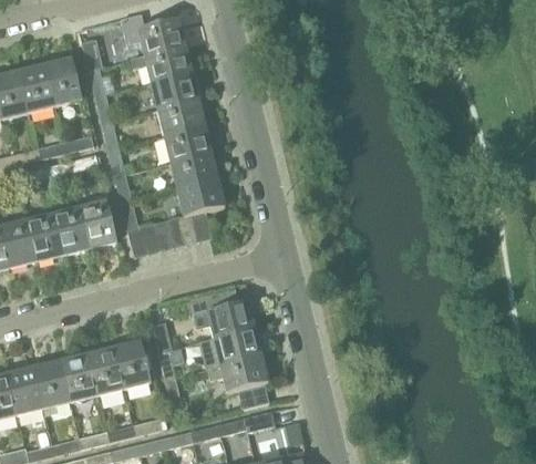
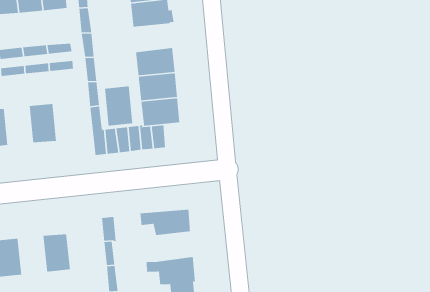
building: [156,99,204,135] -> none
building: [80,198,117,247] -> [104,86,133,126]
building: [27,212,63,259] -> none
building: [198,327,259,368] -> none
building: [115,341,151,388] -> none
building: [62,353,99,401] -> none

